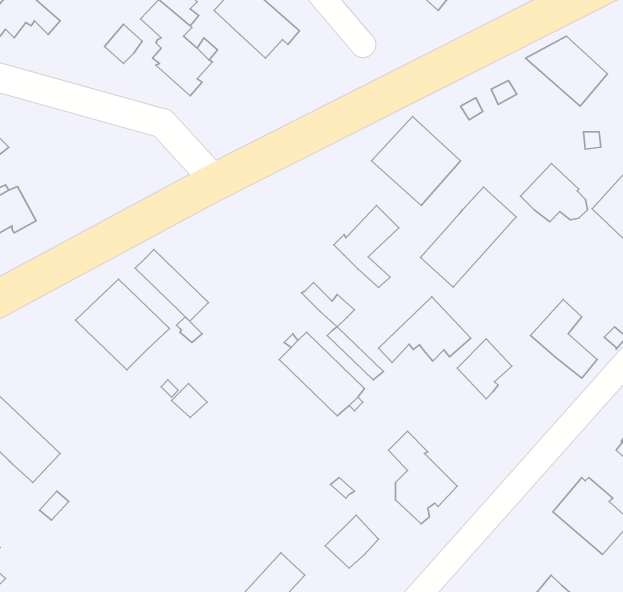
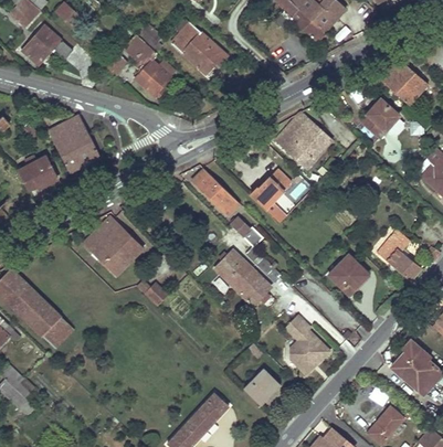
building: none -> [49,115,101,172]
building: [521,164,587,222] -> [361,99,404,137]
building: [420,187,516,287] -> none
building: [135,249,209,321] -> [191,169,239,215]
building: [378,297,471,362] -> none

